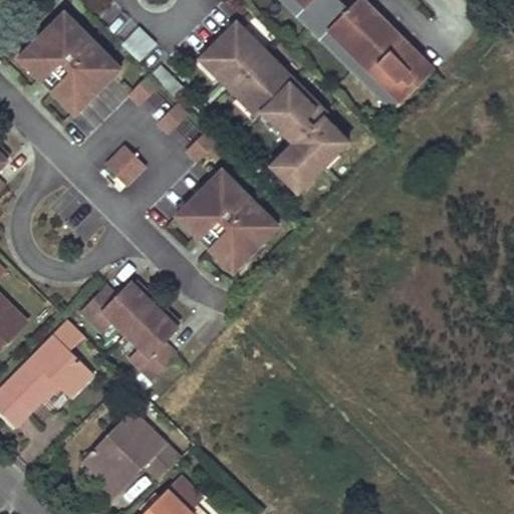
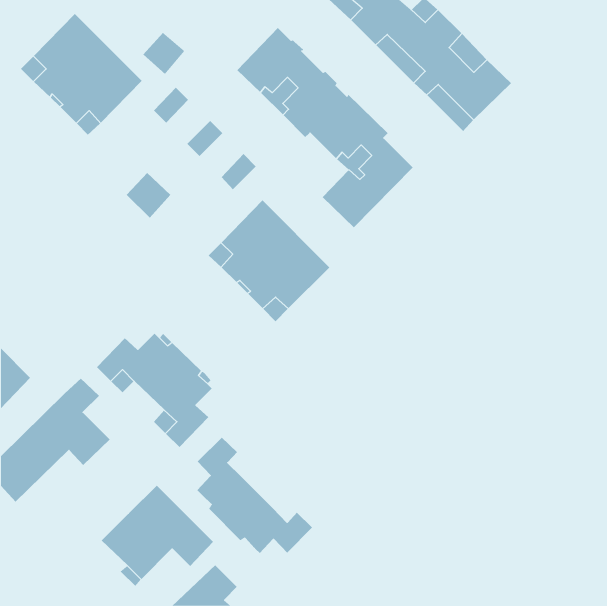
building: none -> [196,437,313,554]

